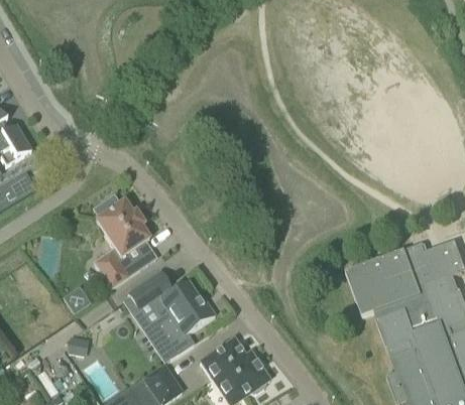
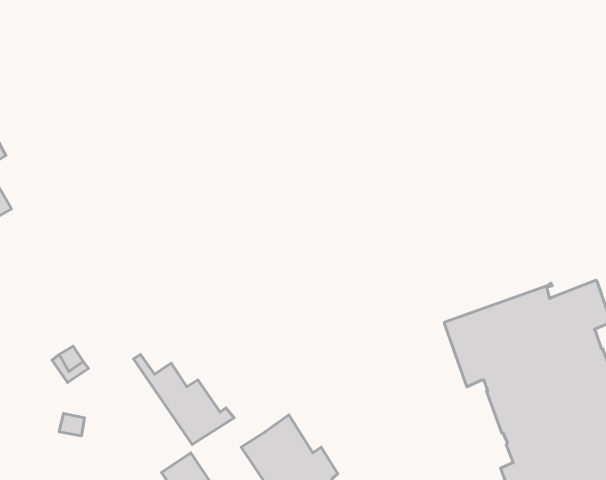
building: [95,199,149,286] -> none
building: [128,270,216,334] -> none

